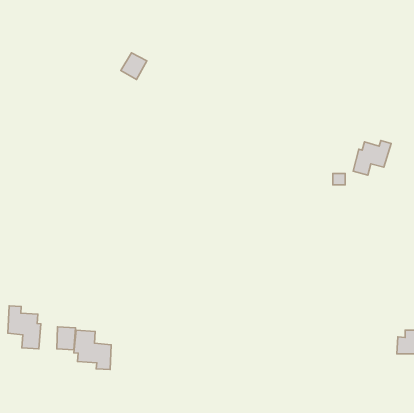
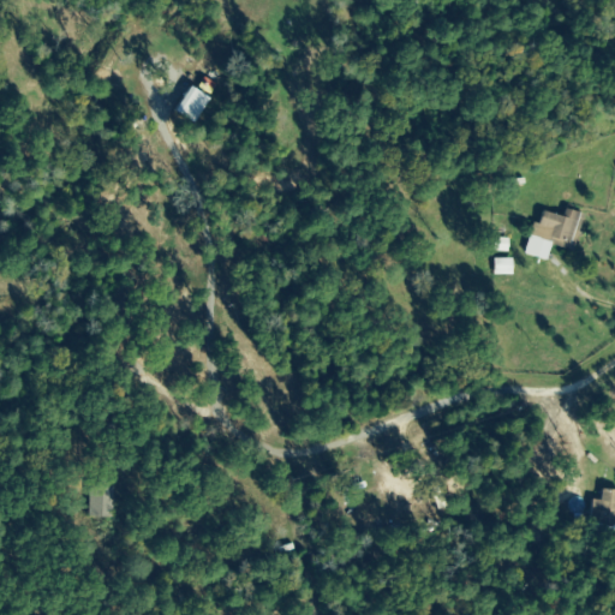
building: [8,306,41,349] -> none
building: [74,330,111,369] -> none

